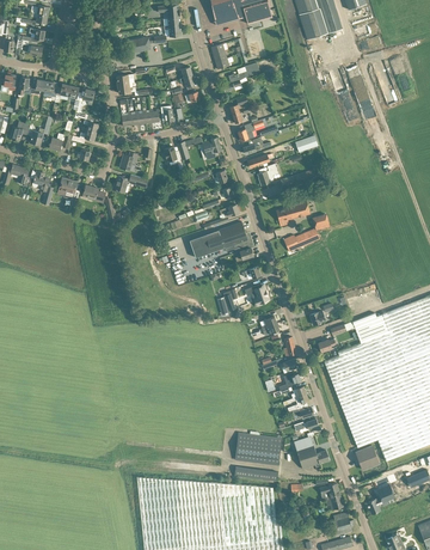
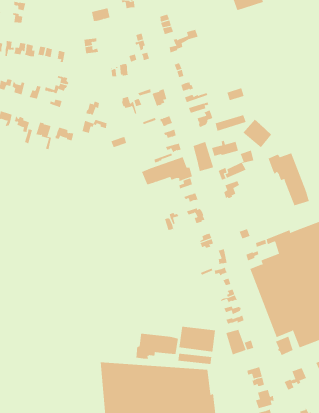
building: none -> [242,119,272,148]
building: none -> [193,141,214,172]
building: none -> [268,152,309,206]
building: none -> [136,333,179,360]

